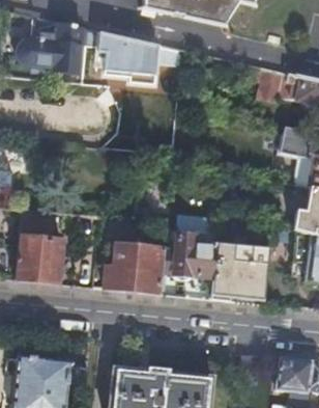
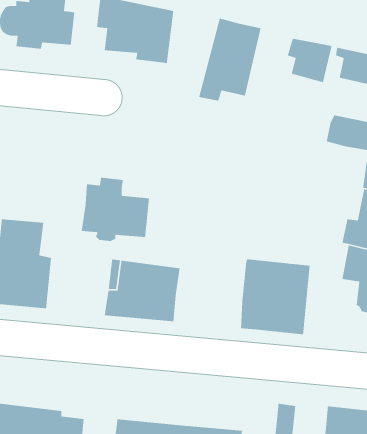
building: none -> [198,17,261,101]
building: [162,226,216,278] -> [81,177,150,242]

